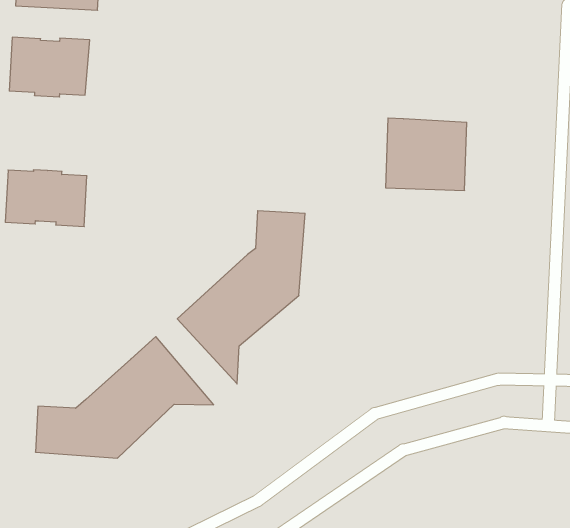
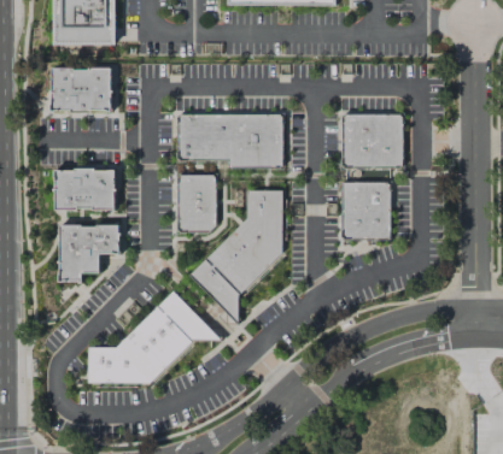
building: none -> [176,113,282,167]
building: none -> [179,176,216,232]
building: none -> [341,183,390,240]
building: none -> [59,224,119,281]

